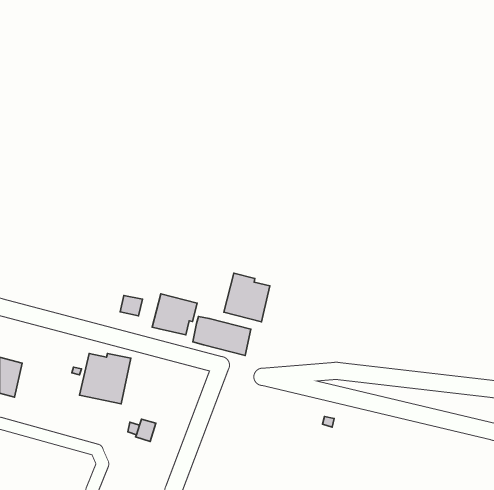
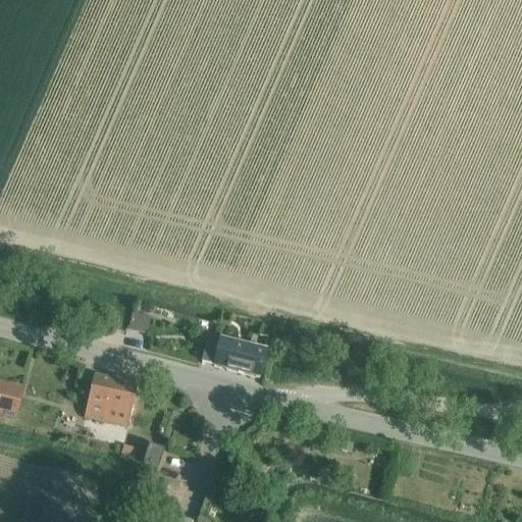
building: [224,273,270,322] -> none
building: [152,294,197,335] -> none

